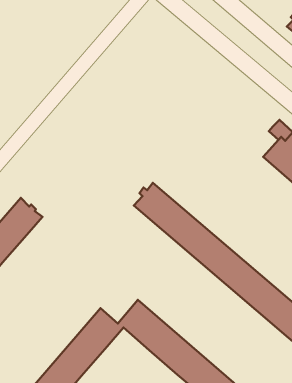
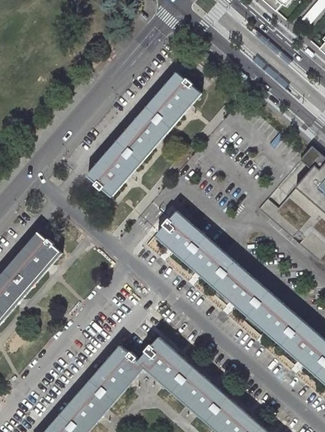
building: none -> [87,73,198,196]

